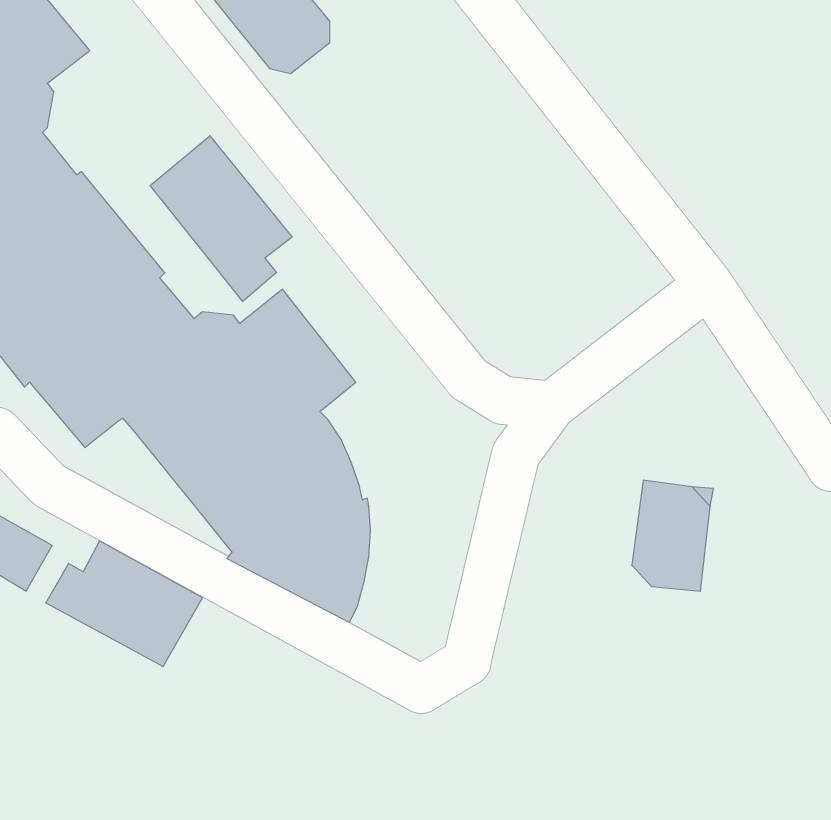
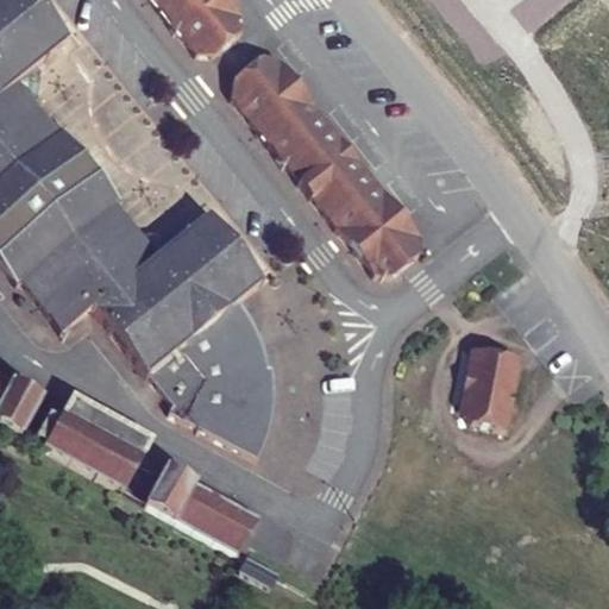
building: none -> [230,52,422,272]
building: [150,136,292,301] -> none
building: none -> [144,460,265,551]

